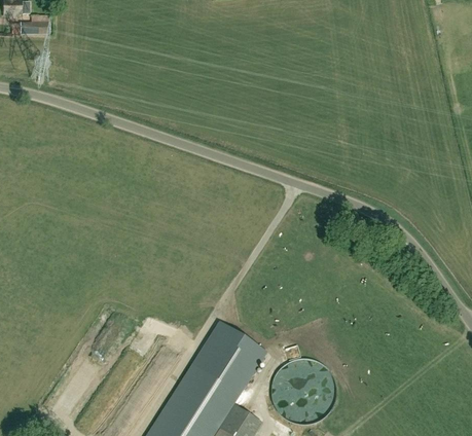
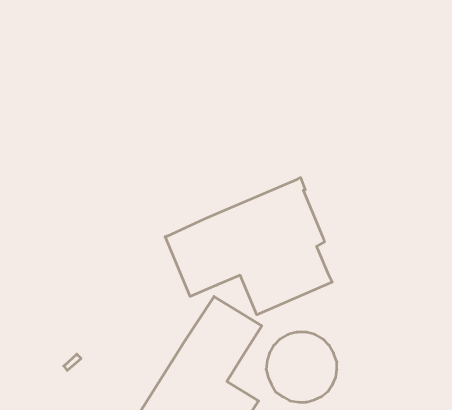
building: none -> [165,178,332,315]

